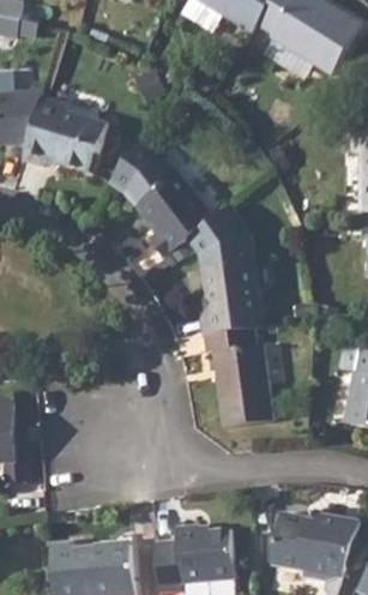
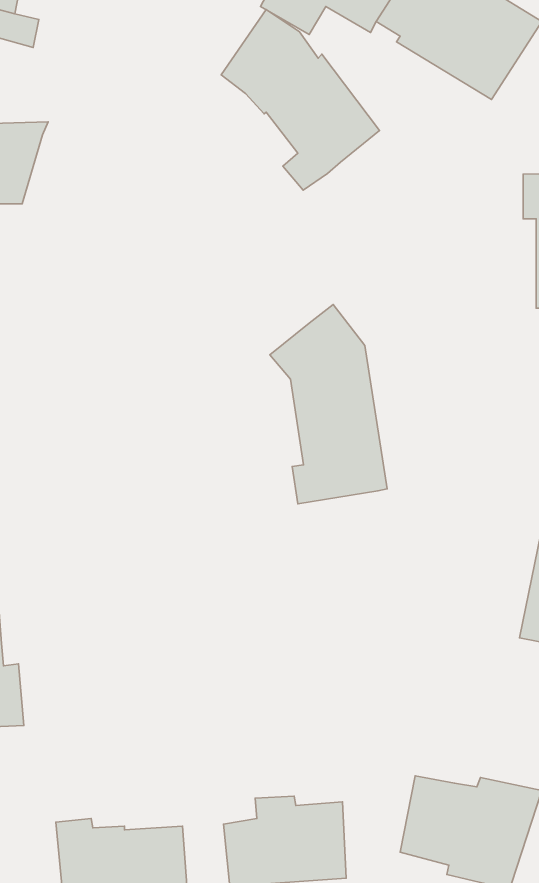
building: [22,98,107,174] -> none
building: [109,142,211,258] -> [221,10,380,190]
building: [204,327,276,427] -> none

